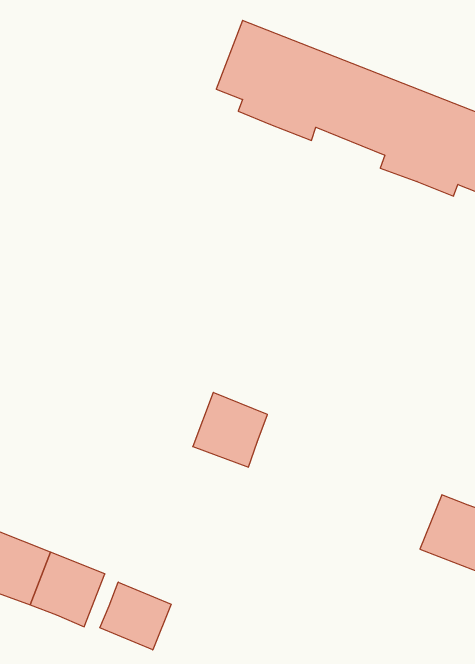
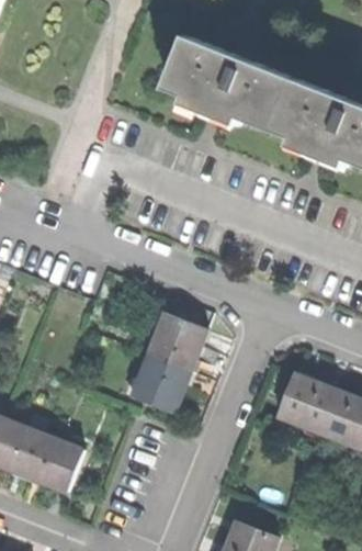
building: none -> [128,355,186,413]
building: none -> [274,374,331,431]
building: [100,582,171,650] -> none

